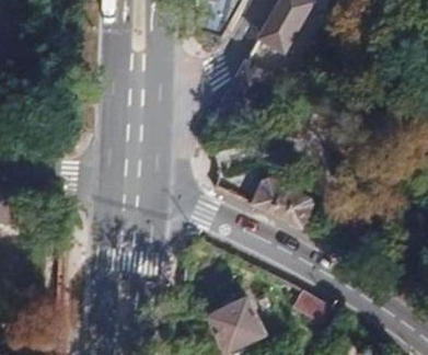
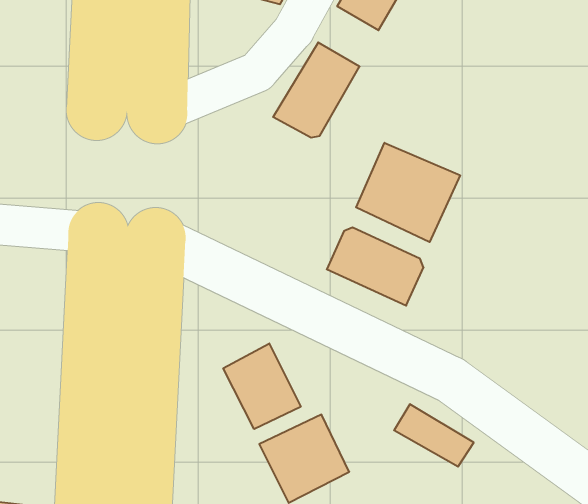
building: none -> [356,143,460,242]
building: none -> [223,343,301,429]

